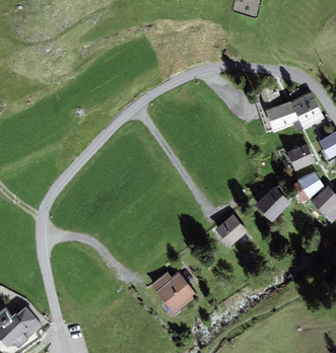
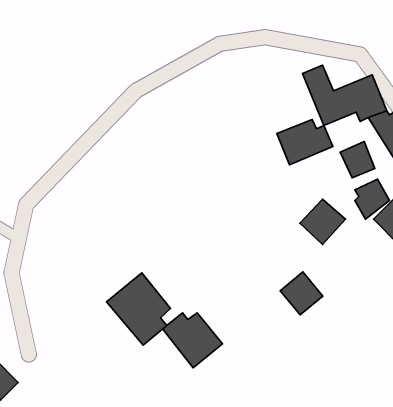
building: none -> [277,119,333,165]
building: [213,214,246,246] -> [280,272,323,315]
building: none -> [106,273,171,345]

